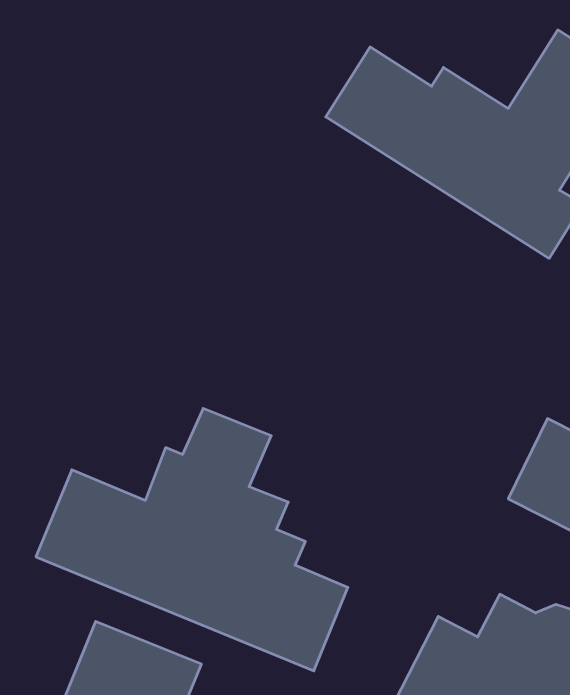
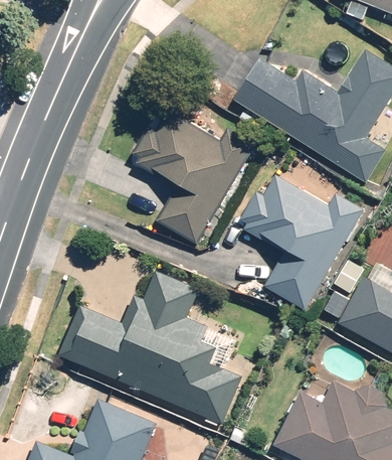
building: none -> [129,106,252,246]
building: none -> [232,176,364,309]

